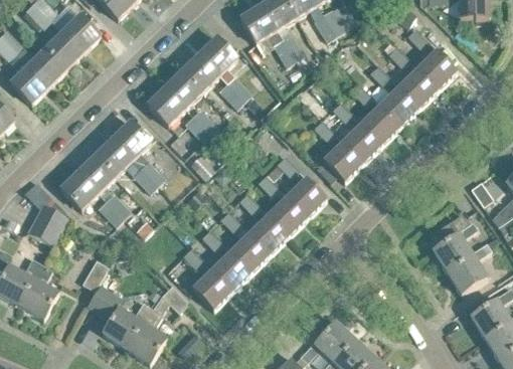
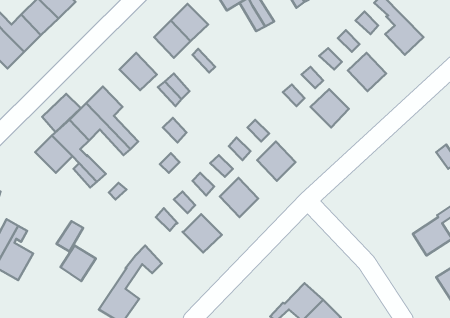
building: [398,67,438,108] -> none
building: [163,70,201,109] -> none
building: [360,105,399,144] -> none
building: none -> [42,94,81,132]
building: [323,142,362,181] -> none
building: [268,196,307,235] -> none
building: [28,203,68,244] -> none
building: [432,213,477,271] -> none
building: [229,233,269,272] -> none
building: [191,269,231,310] -> none
building: [102,301,153,349] -> none

